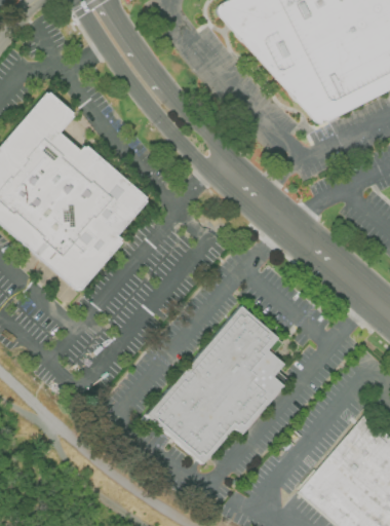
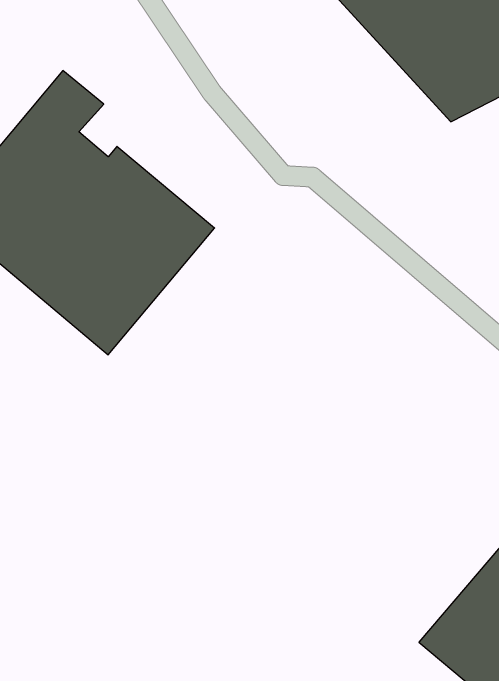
building: [147,307,285,464] -> none

